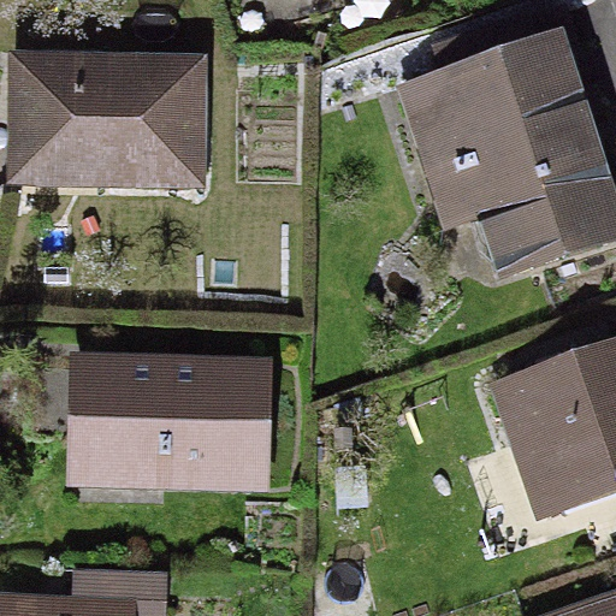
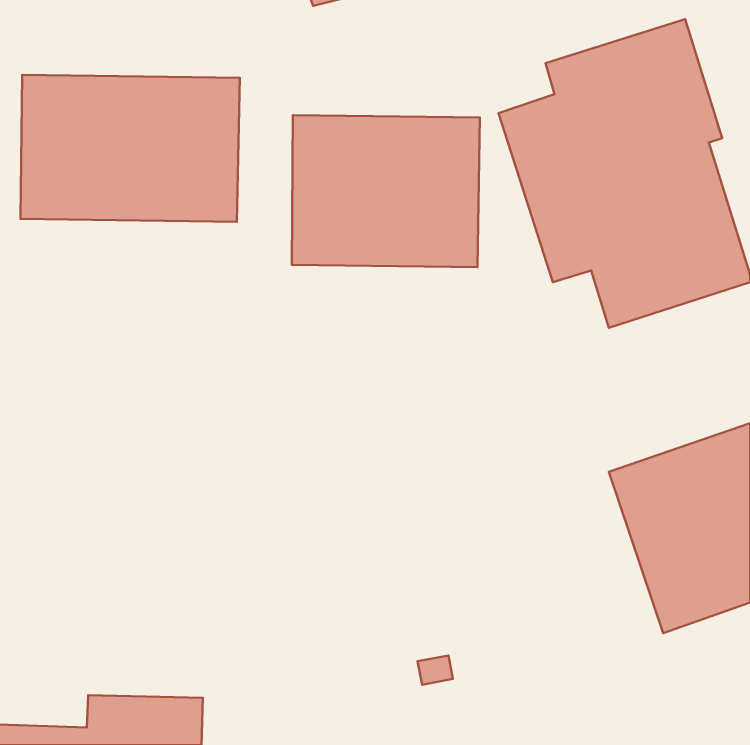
building: none -> [292,115,480,267]
building: [66,354,272,494] -> none

